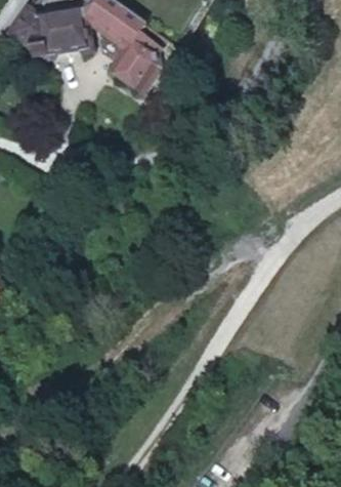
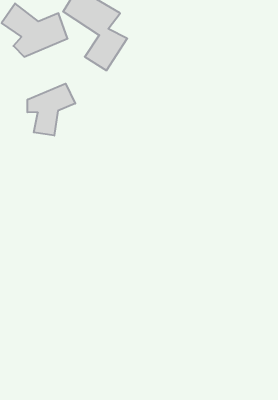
building: none -> [27,84,75,136]

